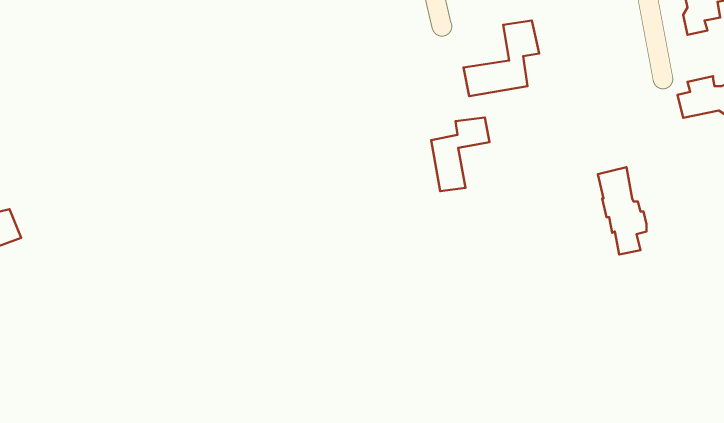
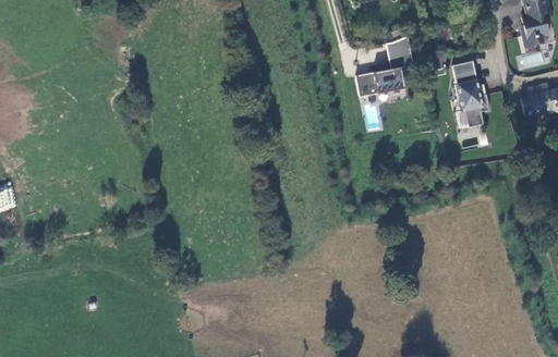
building: [431,117,490,191] -> none
building: [598,167,646,254] -> [451,59,488,125]

